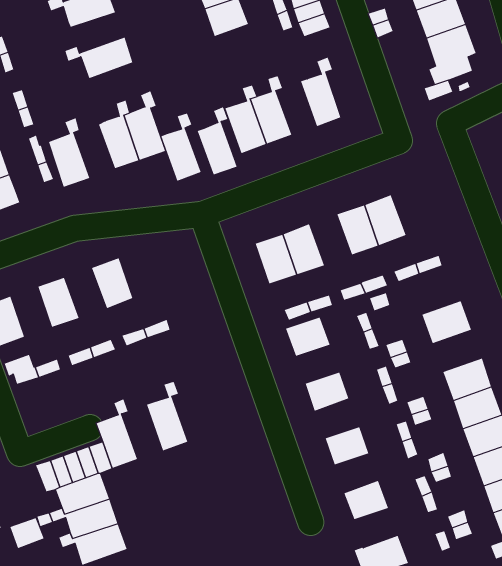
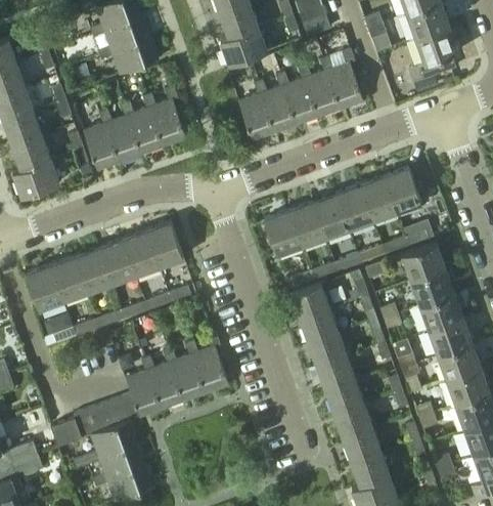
building: none -> [89,16,150,52]
building: none -> [220,27,267,65]
building: none -> [326,48,363,109]
building: [197,106,238,175] -> [282,64,318,124]
building: [161,113,201,182] -> [105,101,141,162]
building: none -> [384,168,421,212]
building: none -> [312,194,349,239]
building: none -> [145,223,182,267]
building: none -> [97,241,134,285]
building: none -> [401,242,445,282]
building: none -> [50,257,86,301]
building: none -> [419,295,463,332]
building: none -> [300,308,339,342]
building: none -> [191,332,228,393]
building: none -> [147,348,183,409]
building: none -> [316,355,356,390]
building: none -> [333,404,372,438]
building: none -> [351,452,390,487]
building: [9,517,44,549] -> [50,419,81,447]

